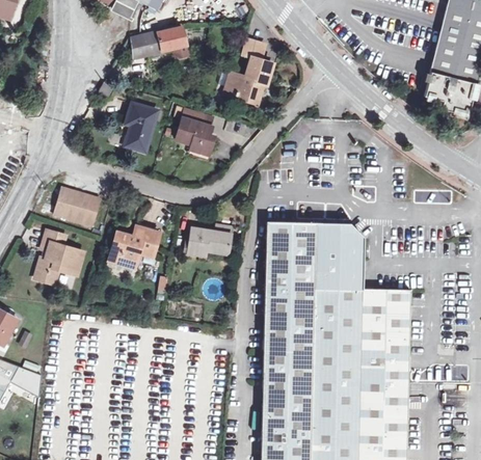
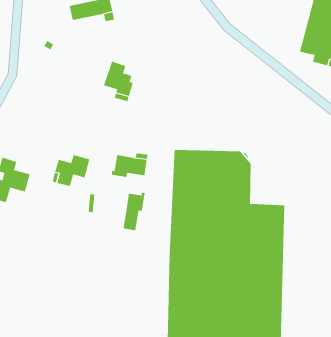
building: [225,39,273,103] -> none
building: [128,103,157,151] -> none
building: [55,188,99,223] -> none
building: none -> [123,192,145,231]

